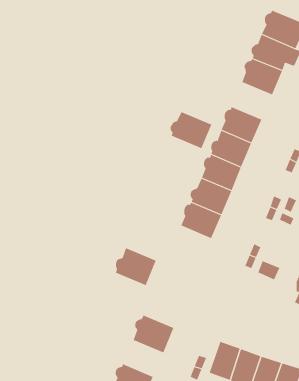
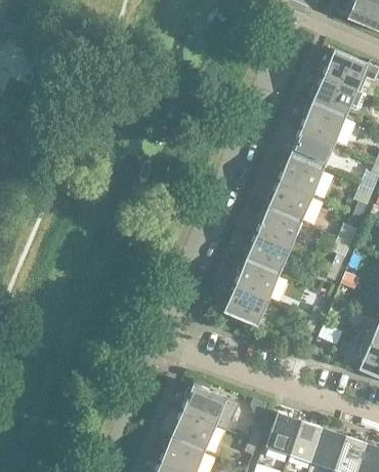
building: [170,111,212,149] -> [289,129,335,170]
building: [115,248,157,286] -> [223,286,268,328]
building: none -> [170,411,216,451]

